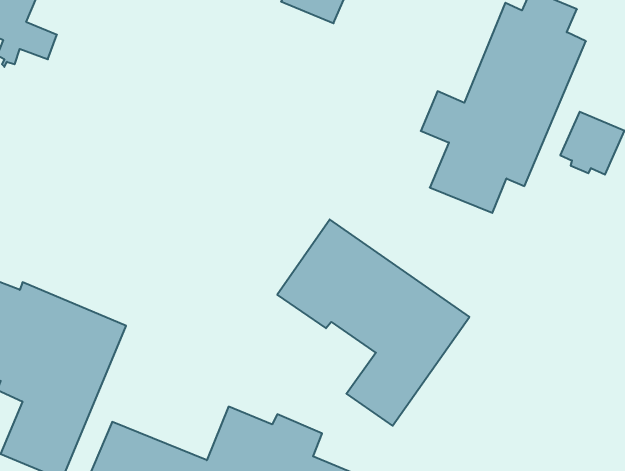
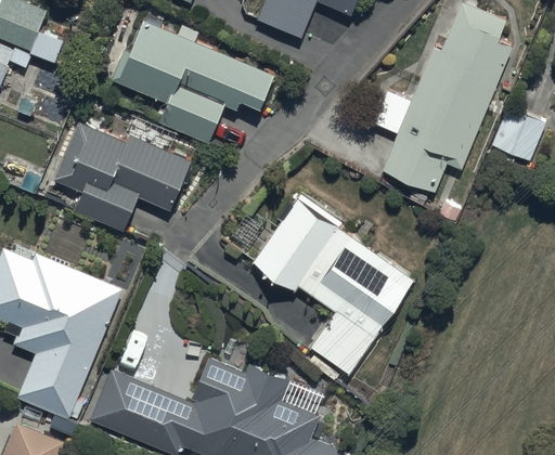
building: none -> [113,23,275,144]
building: none -> [54,122,193,232]

